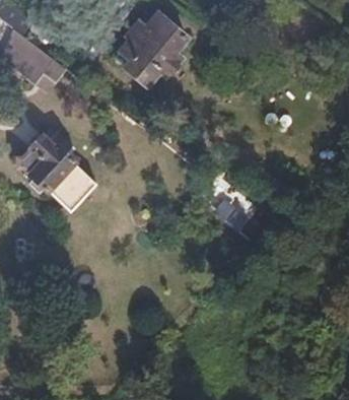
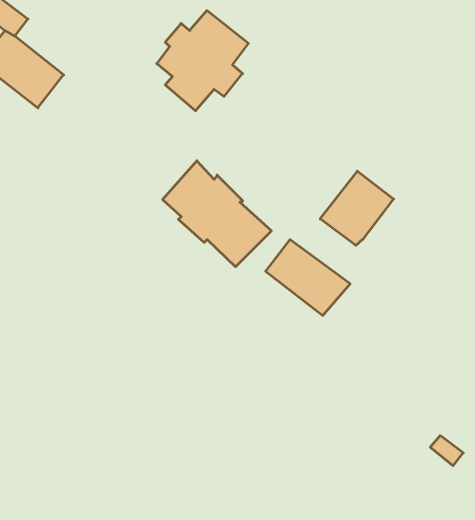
building: none -> [320,171,394,245]
building: [18,135,95,210] -> [163,161,271,267]

